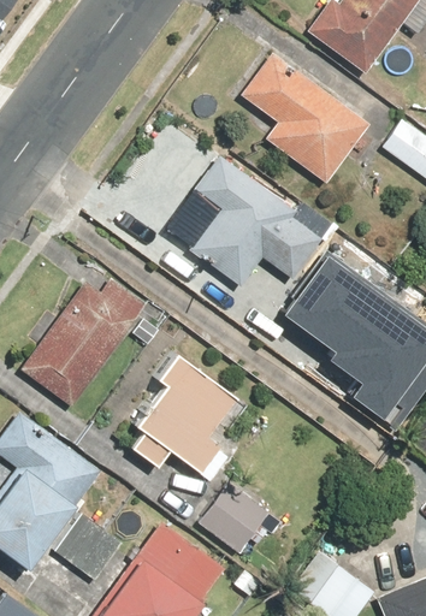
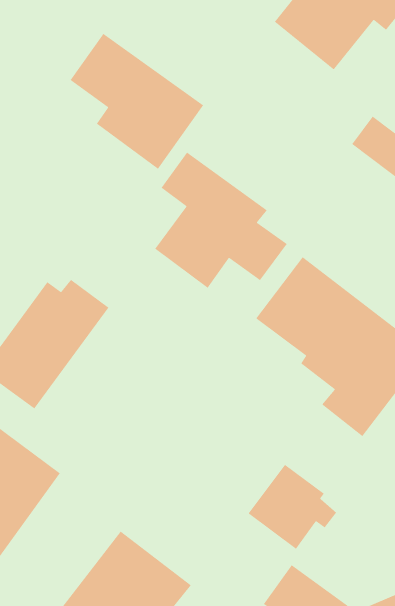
building: [239,49,369,182] -> [70,33,204,170]
building: [123,349,238,479] -> none
building: [193,470,279,553] -> [248,464,337,550]
building: [51,507,120,579] -> none

